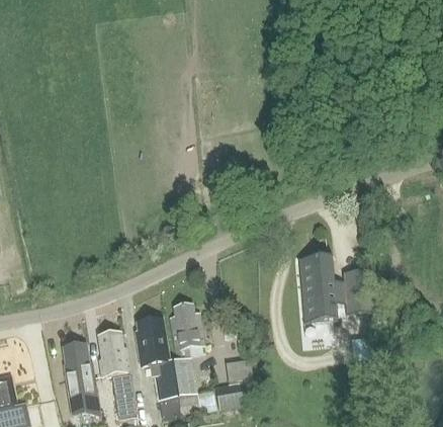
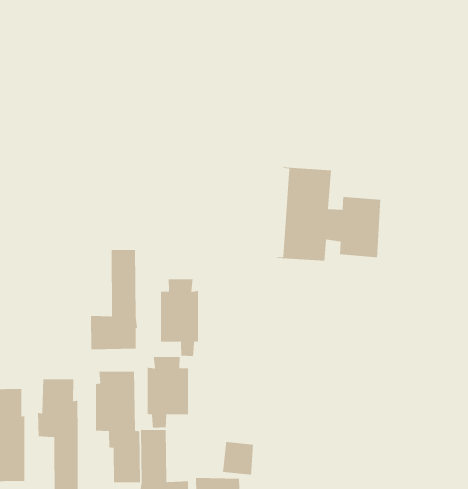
building: none -> [90,249,138,350]
building: none -> [160,278,199,357]
building: [296,255,373,323] -> [276,167,381,262]

